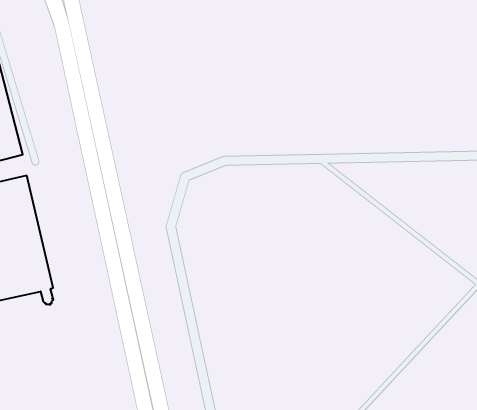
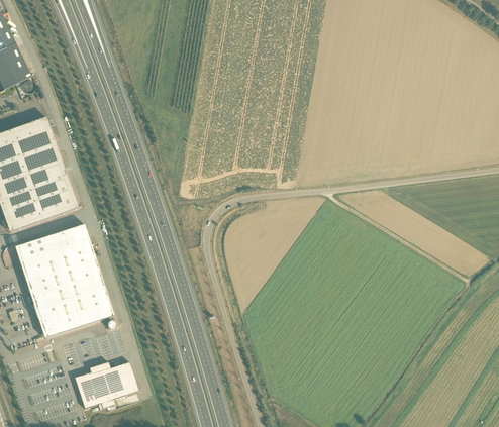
building: none -> [78,361,137,409]

